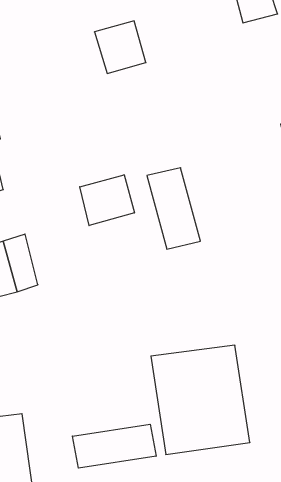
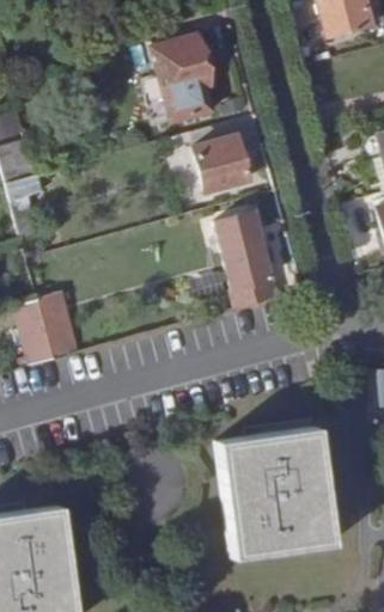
building: none -> [195,137,250,195]
building: [80,175,134,226] -> none
building: [72,424,156,468] -> none

